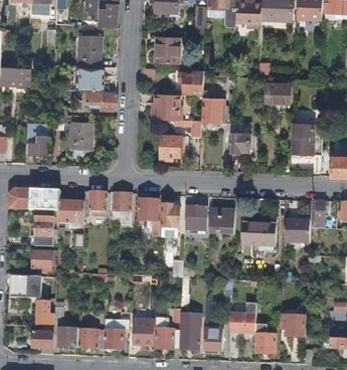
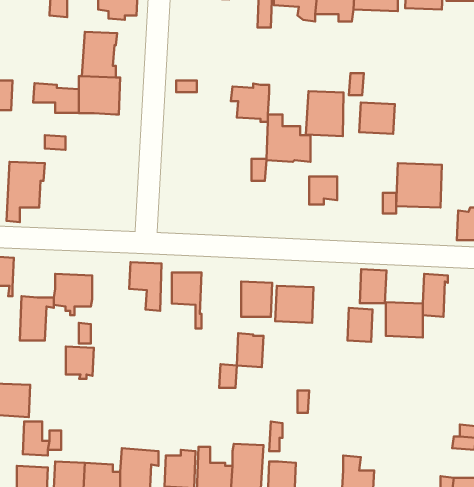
building: [157,38,181,63] -> none
building: none -> [306,91,344,136]
building: [84,90,116,111] -> [33,83,79,113]
building: [153,95,184,121] -> none
building: [72,123,94,151] -> none
building: [161,136,185,161] -> none
building: [30,189,59,210] -> none
building: [84,191,107,217] -> none
building: [162,204,180,227] -> [237,333,263,367]
building: [241,222,259,245] -> [360,269,386,303]
building: [33,250,52,272] -> [66,346,94,379]
building: [230,303,256,334] -> none
building: [284,316,307,338] -> none

